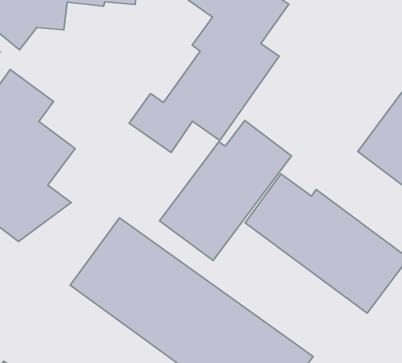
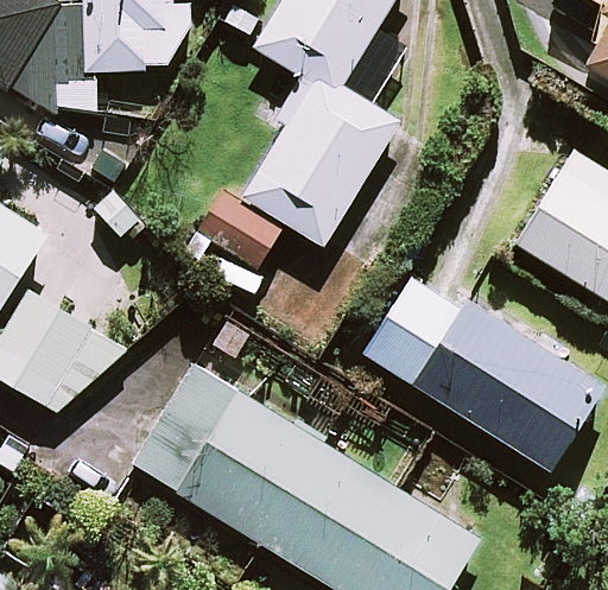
building: [160,120,291,261] -> none

